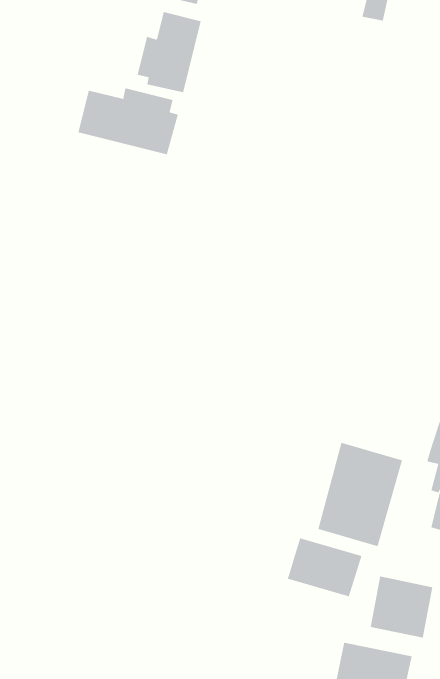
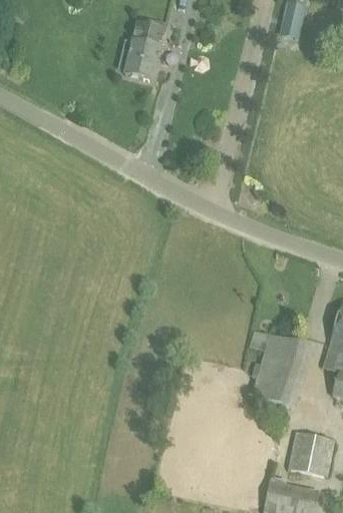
building: [78,87,179,155] -> none
building: [287,538,362,597] -> none

